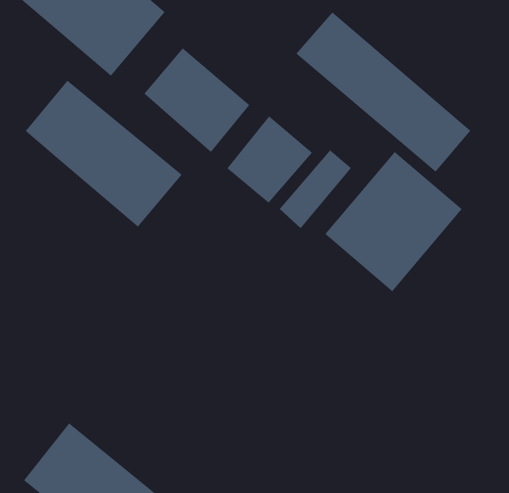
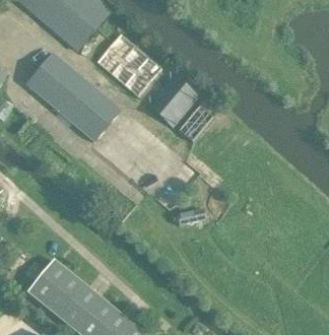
building: [296,12,471,173] -> none
building: [325,151,462,292] -> none

